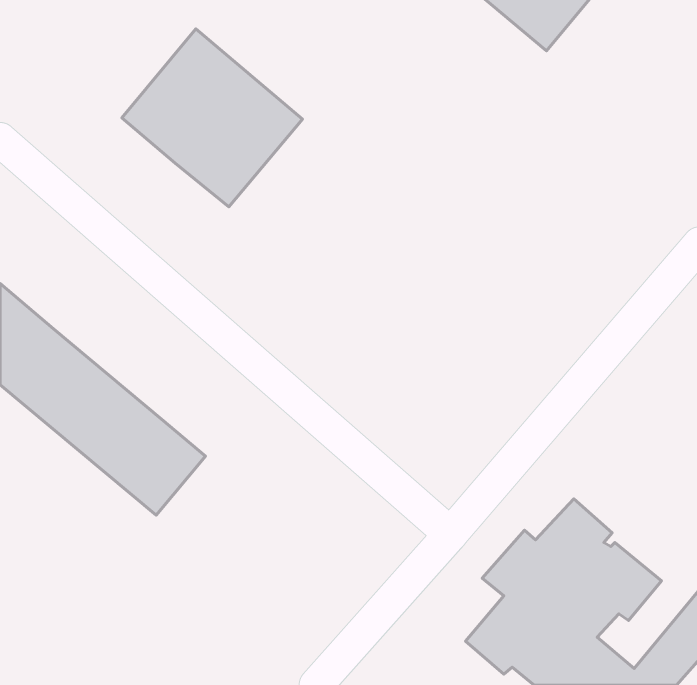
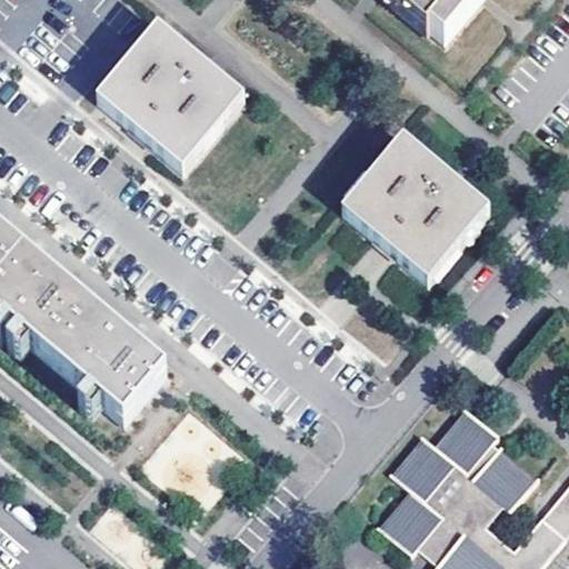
building: none -> [343,139,489,281]

